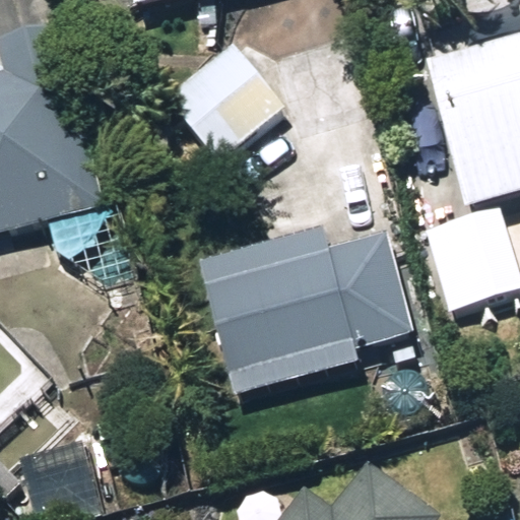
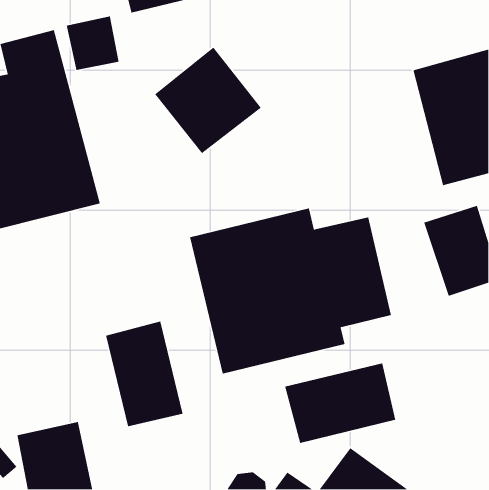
building: none -> [105,320,184,427]
building: none -> [284,362,396,444]

